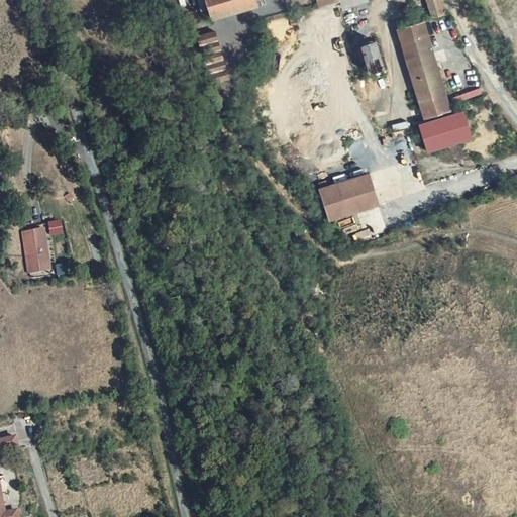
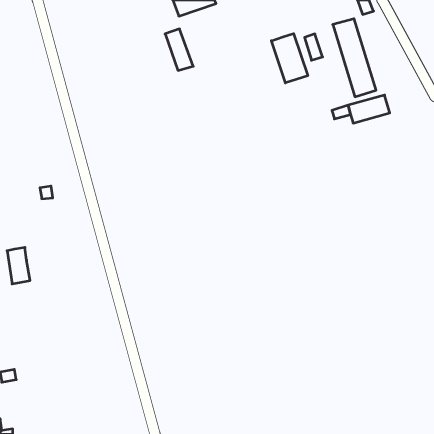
building: none -> [271,34,308,83]
building: [321,175,379,218] -> none
building: [23,229,50,273] -> [7,247,30,284]

